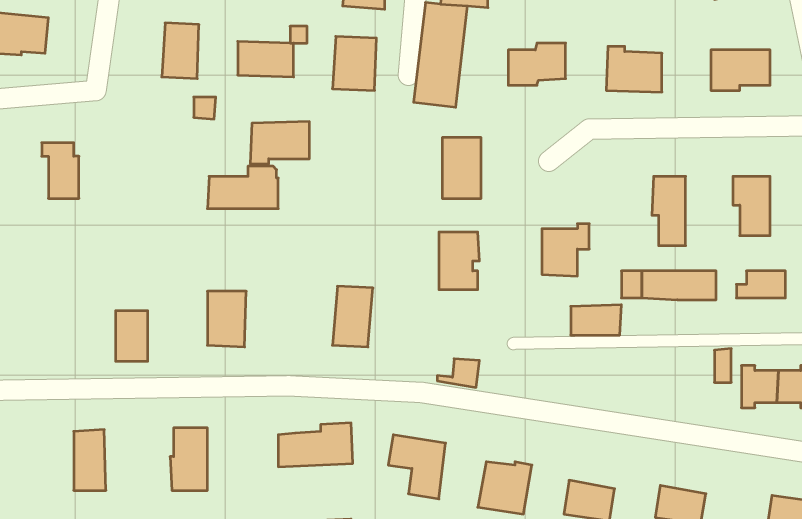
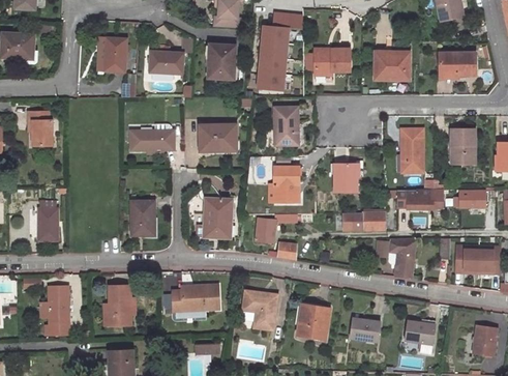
building: [250,122,309,164] -> [200,124,236,150]
building: none -> [257,213,301,241]
building: [116,311,148,361] -> [36,208,56,239]
building: none -> [389,238,416,280]

